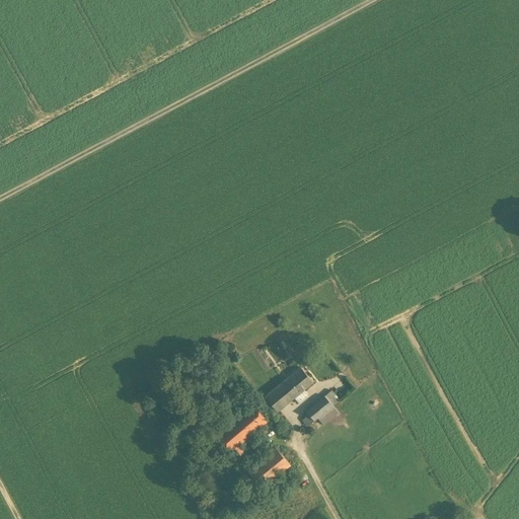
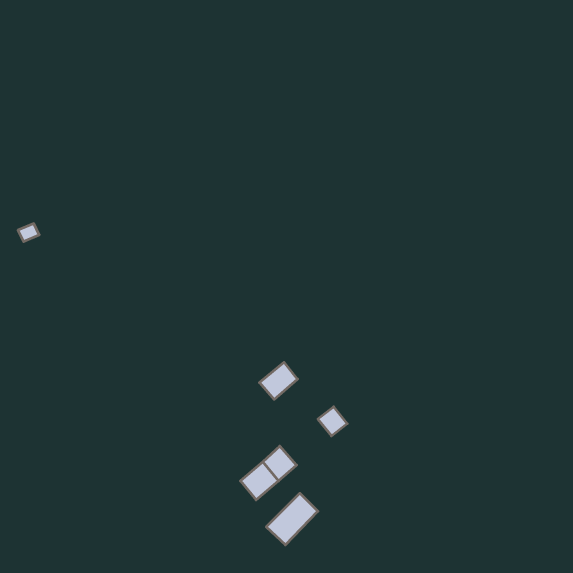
building: [266,379,300,413] -> [259,362,298,399]
building: [302,400,337,427] -> none

